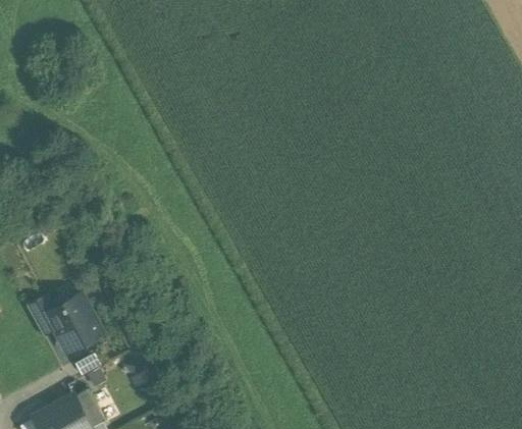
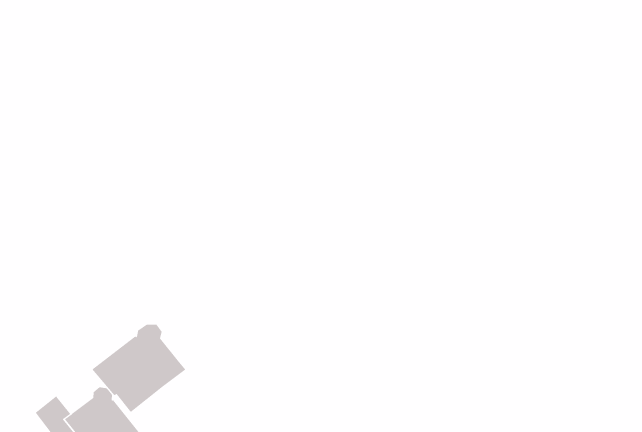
building: none -> [92,324,186,413]

